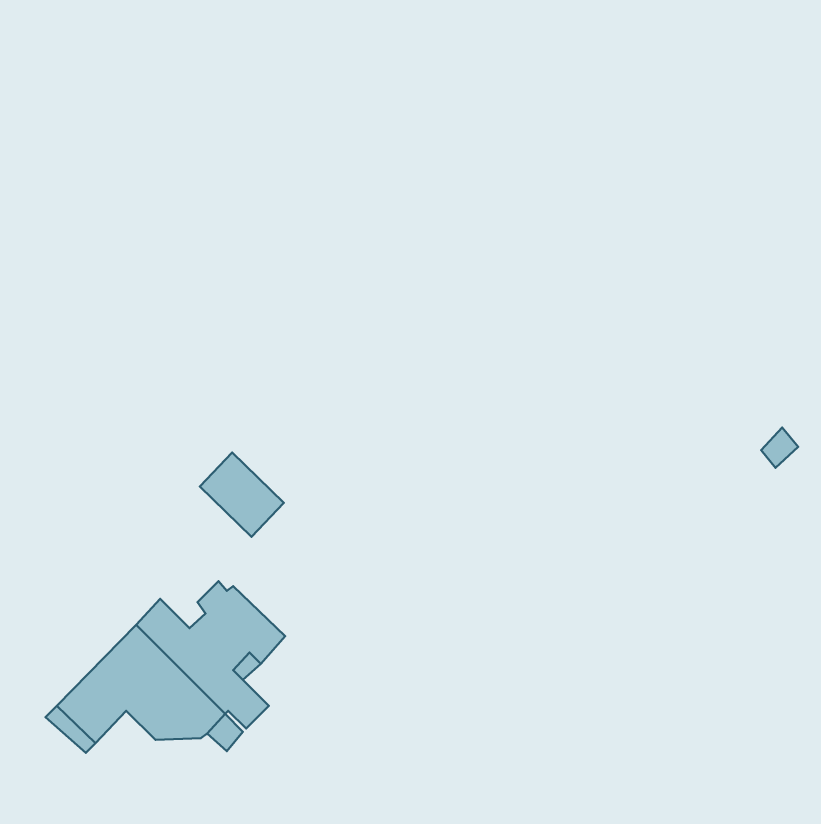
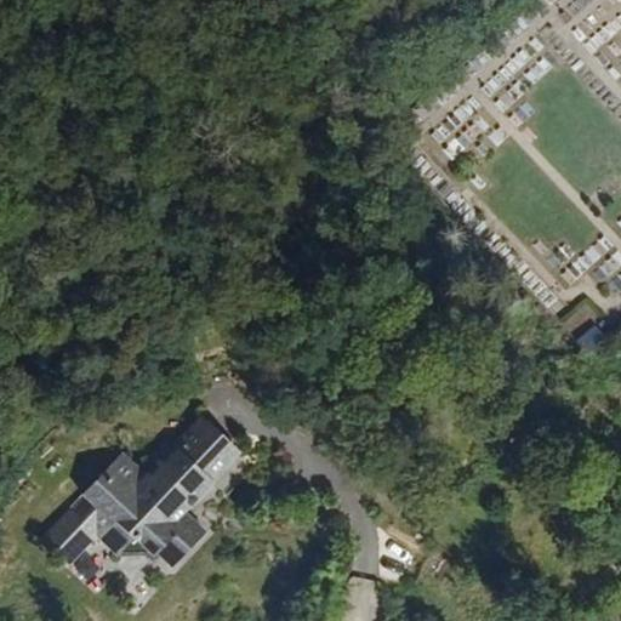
building: [200,453,284,537] -> [180,416,243,479]

